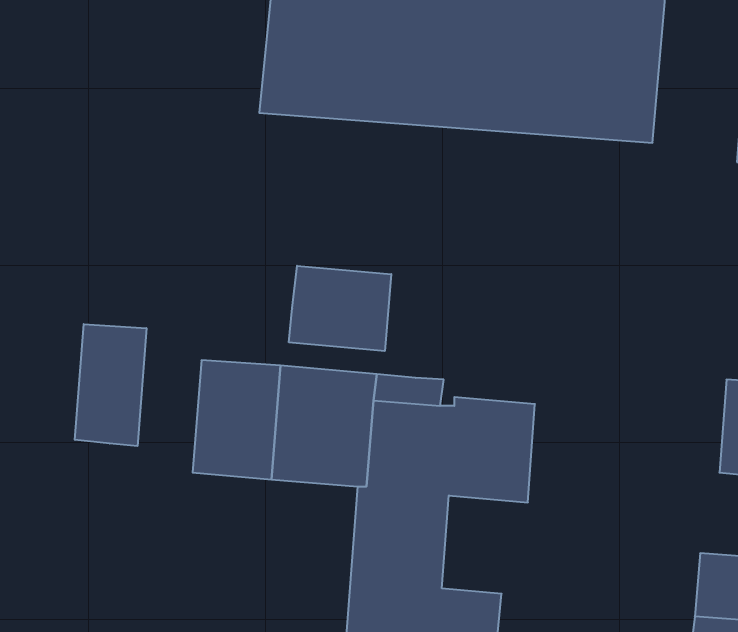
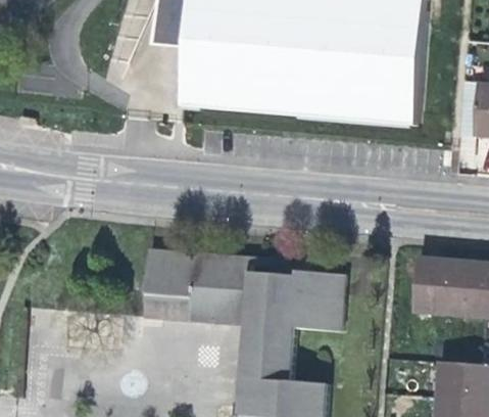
building: [289,266,391,351] -> none
building: [75,324,146,446] -> none
building: none -> [415,258,454,315]

